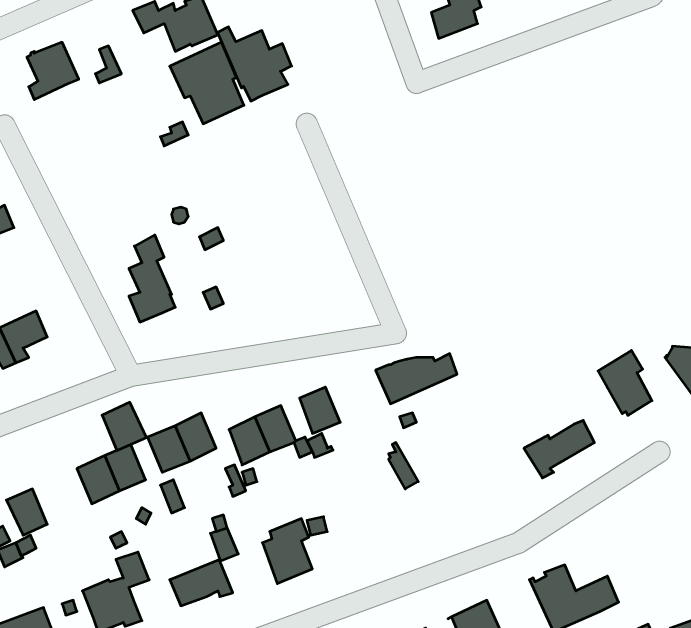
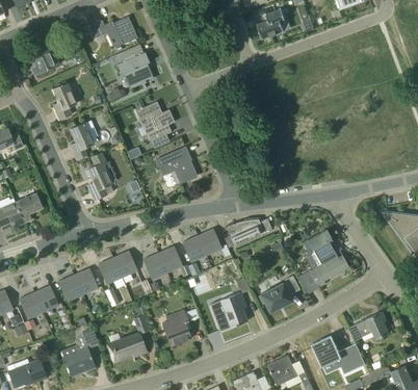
building: [217,27,292,101] -> [132,100,174,141]
building: none -> [52,83,76,120]
building: none -> [70,121,97,159]
building: none -> [155,147,197,183]
building: [598,350,652,415] -> [307,229,337,265]
building: none -> [198,229,230,257]
building: [102,402,147,450] -> [33,286,58,313]
building: none -> [259,276,298,313]
building: none -> [220,293,246,328]
building: none -> [348,312,389,341]

